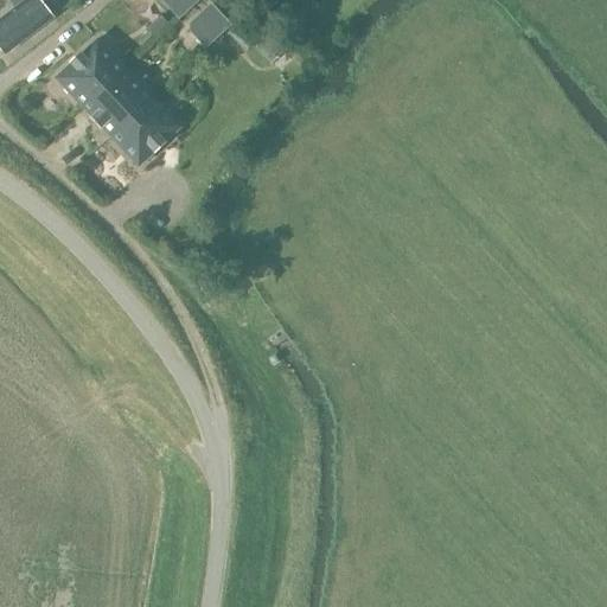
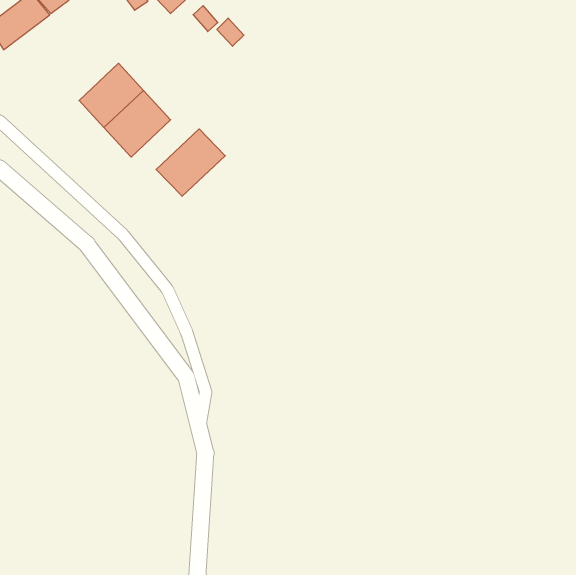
building: [55,37,124,106] -> none
building: none -> [156,129,225,196]

